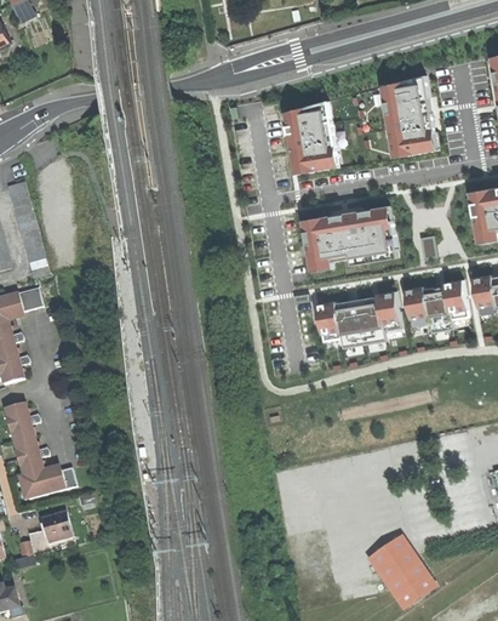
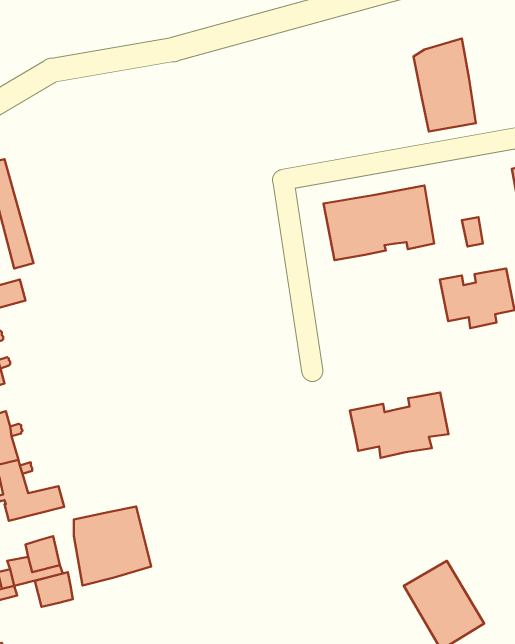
building: [282,102,337,176] -> none
building: [316,289,402,346] -> [350,393,448,458]
building: none -> [74,507,151,585]
building: none -> [35,572,73,607]

